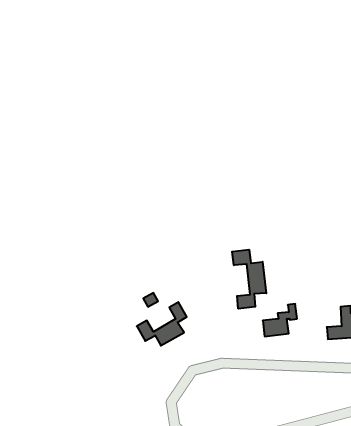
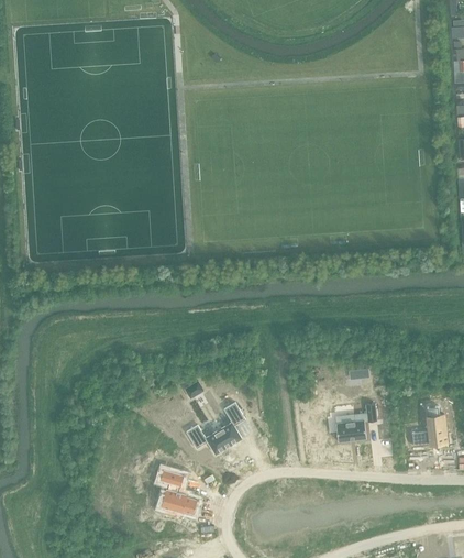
building: [232,250,266,309] -> none
building: none -> [158,471,195,514]

